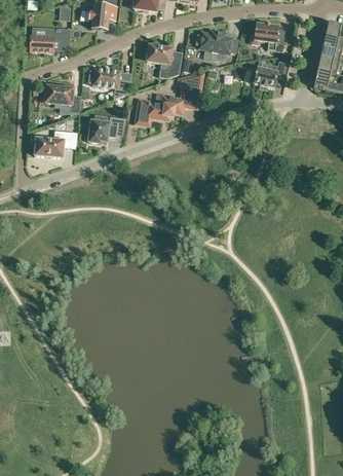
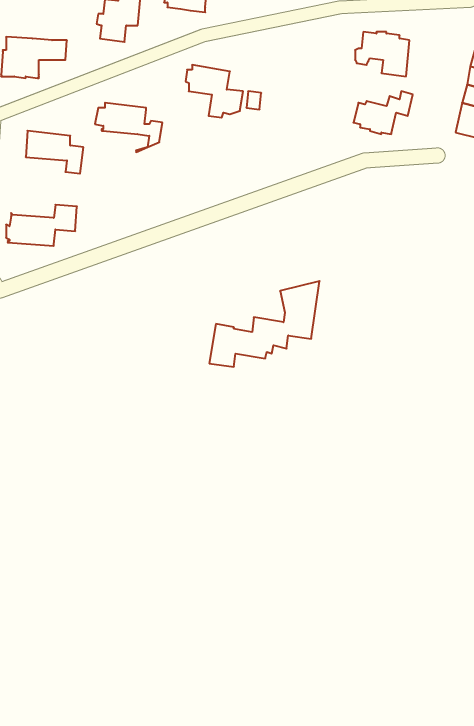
building: [196,29,237,60] -> none
building: [135,72,203,125] -> [209,281,320,367]
building: [82,117,125,143] -> none

